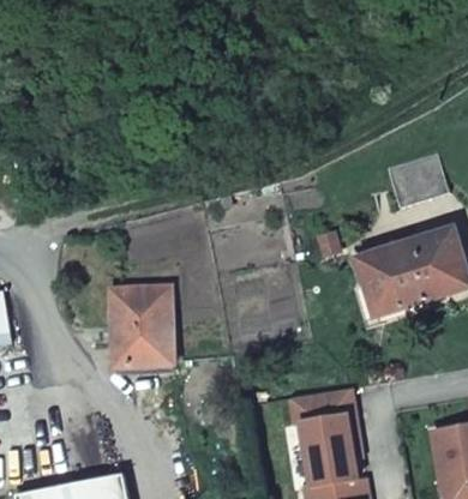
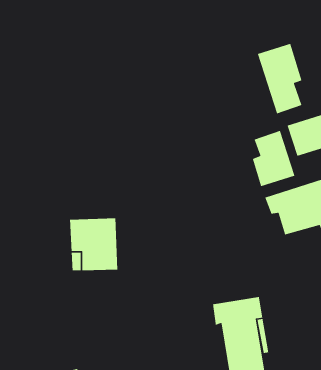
building: none -> [257,43,303,115]
building: none -> [252,130,295,187]

